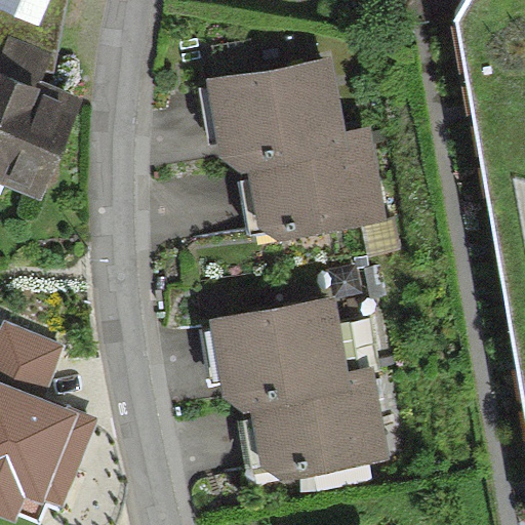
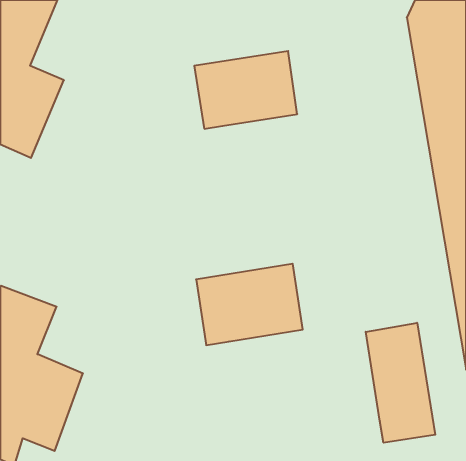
building: [250,129,377,226] -> none
building: none -> [366,323,435,443]
building: [257,372,377,467] -> none

